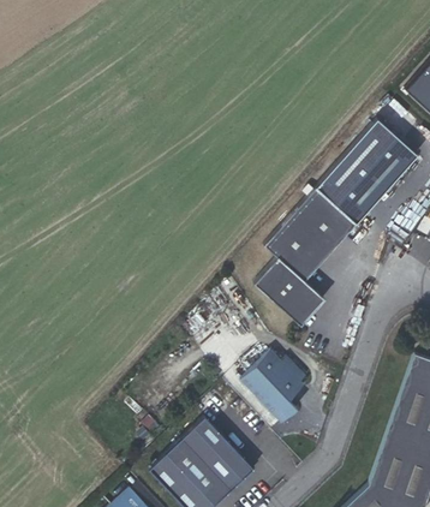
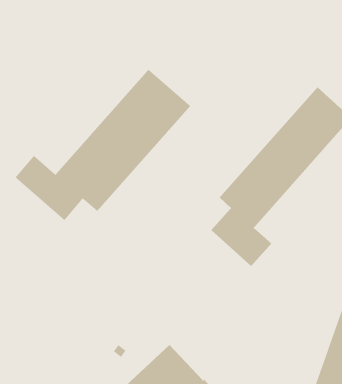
building: none -> [15,69,191,221]
building: [243,350,307,423] -> none

